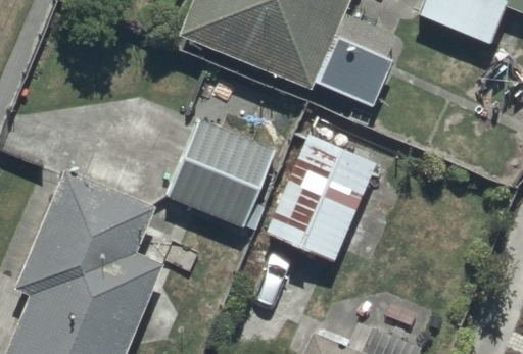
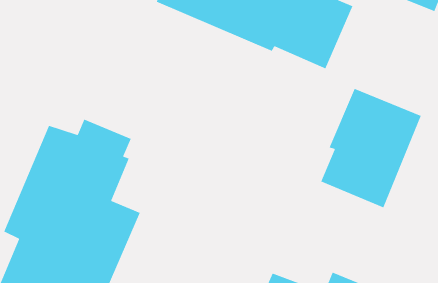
building: [172,120,280,229] -> none
building: [264,132,376,265] -> [320,88,422,209]

